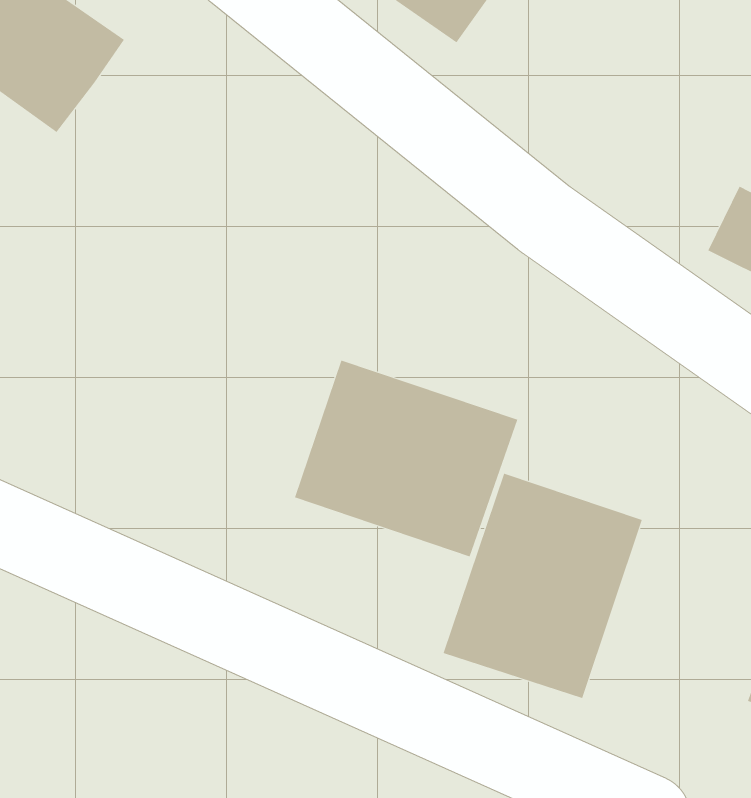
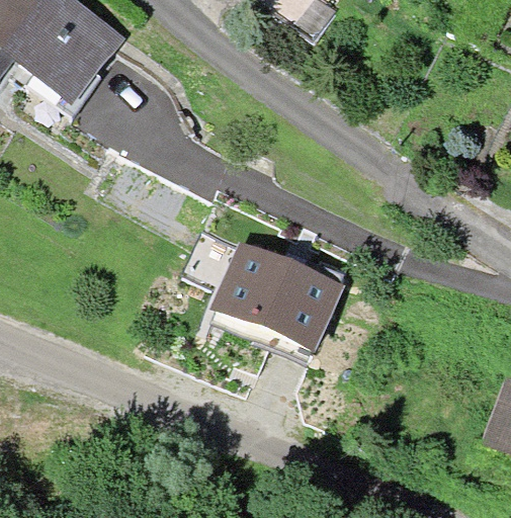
building: [443,473,643,699] -> none

